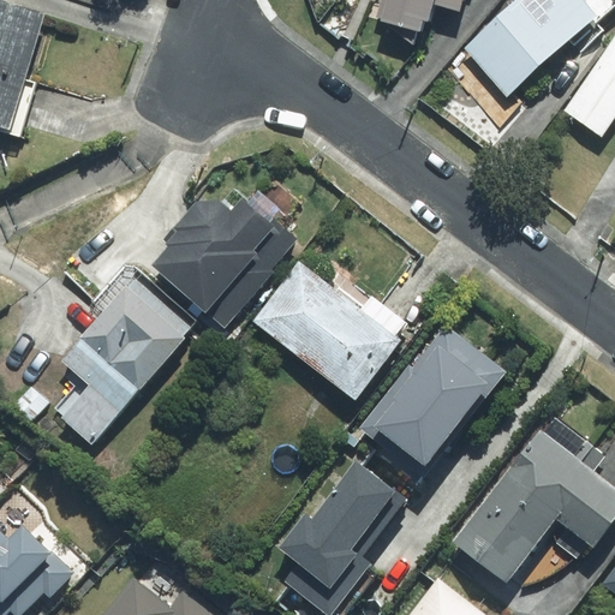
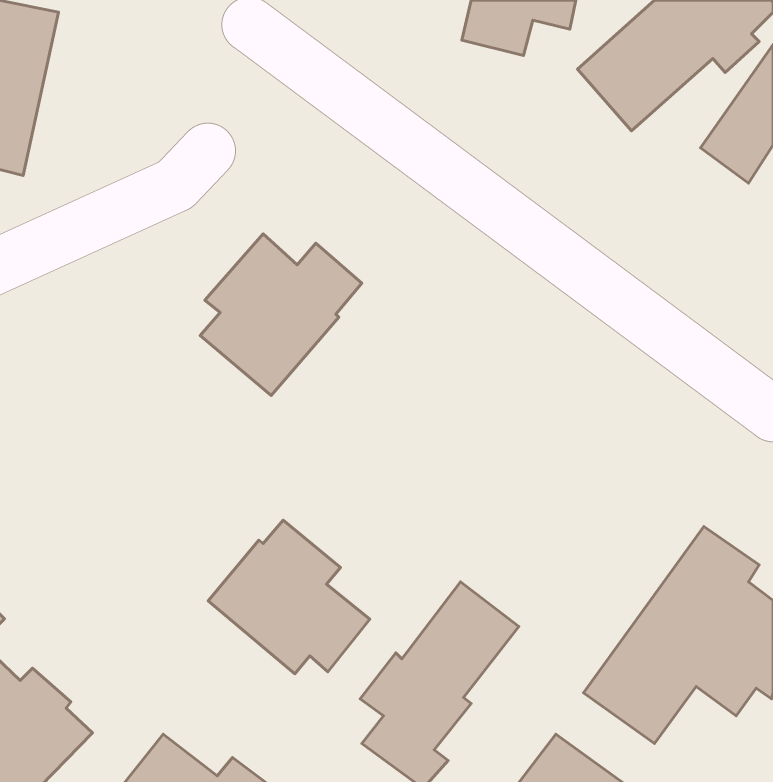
building: [256,263,413,398] -> none
building: [54,273,191,446] -> none
building: [359,323,507,485] -> none
building: none -> [208,520,370,674]

